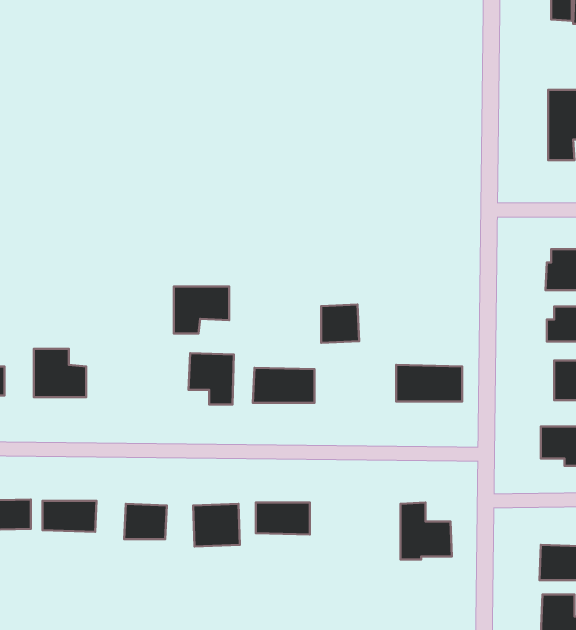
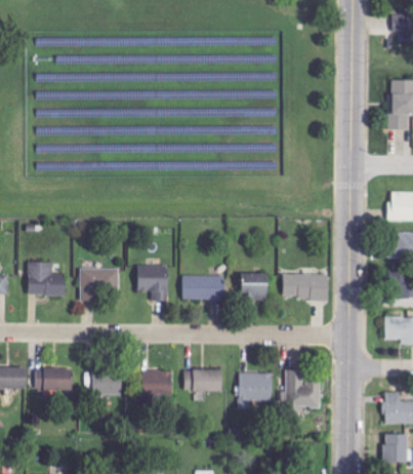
building: [174,287,229,333] -> [79,268,118,301]
building: [321,305,359,343] -> [241,273,267,300]
building: none -> [237,372,272,405]

